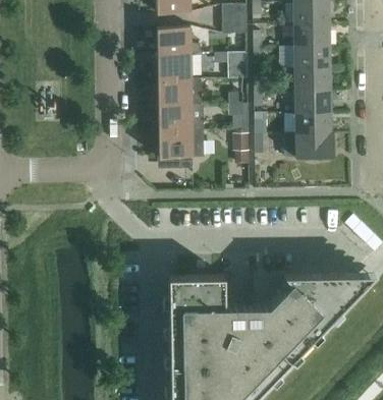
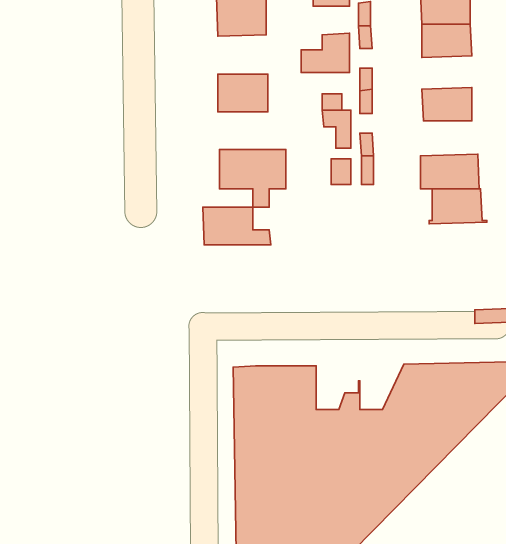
building: [158,53,192,79] -> none
building: [295,67,329,90] -> none
building: [158,105,204,130] -> [203,207,271,245]
building: [294,111,333,134] -> [429,189,487,224]

